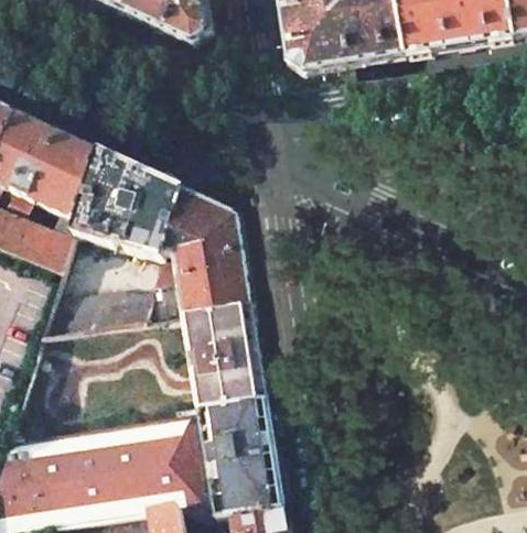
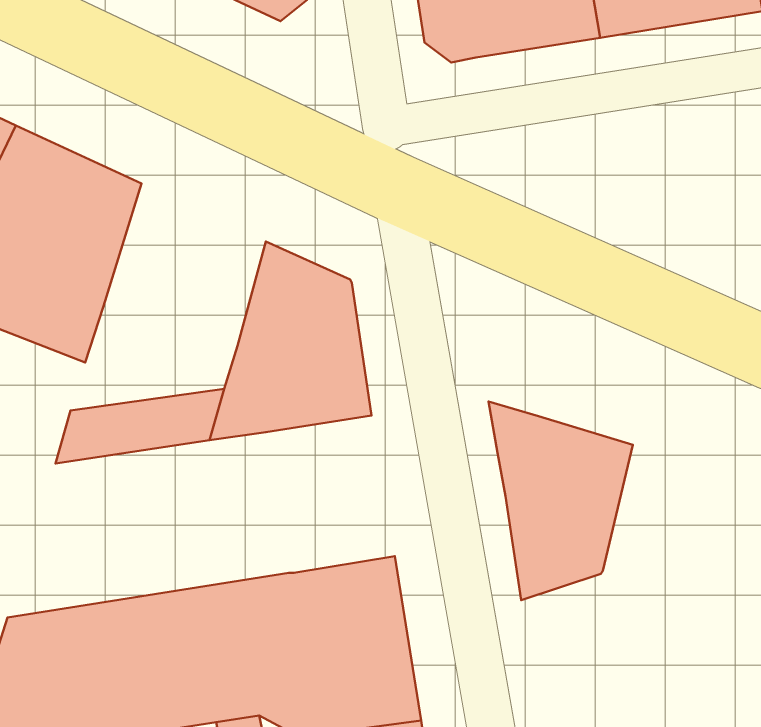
building: [74,151,182,259] -> none
building: none -> [489,401,633,600]
building: [182,305,268,410] -> none

